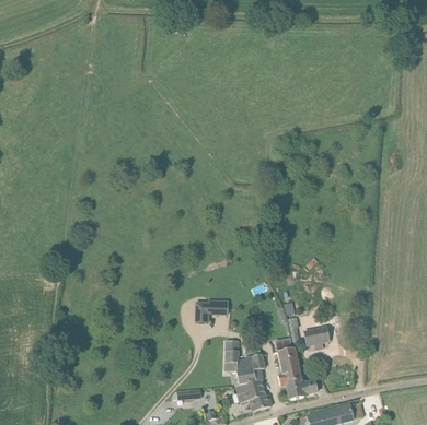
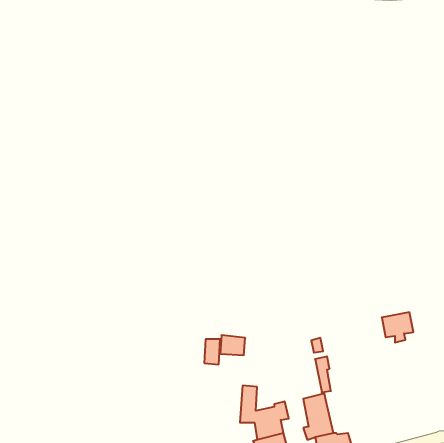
building: [303,324,330,350] -> [382,312,413,343]

